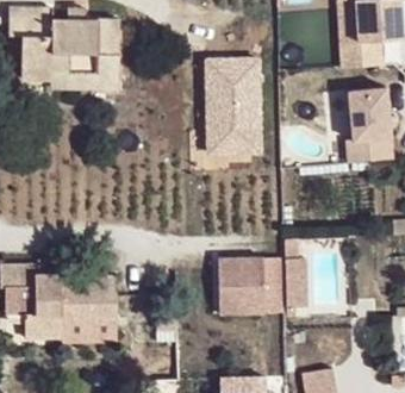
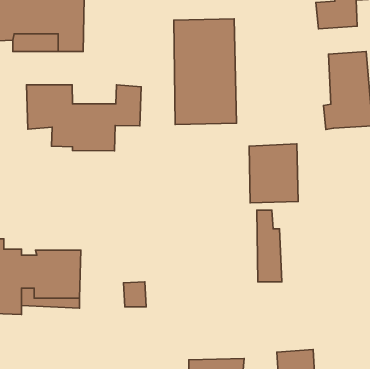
building: none -> [27,85,141,151]
building: [218,257,264,313] -> [249,144,298,203]

